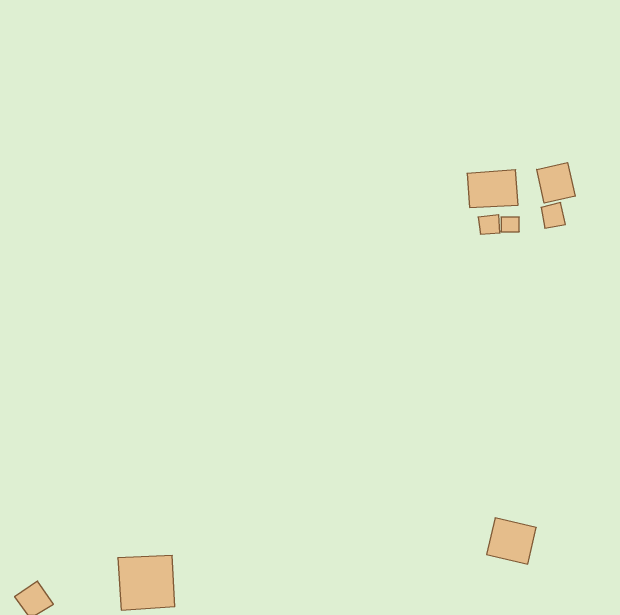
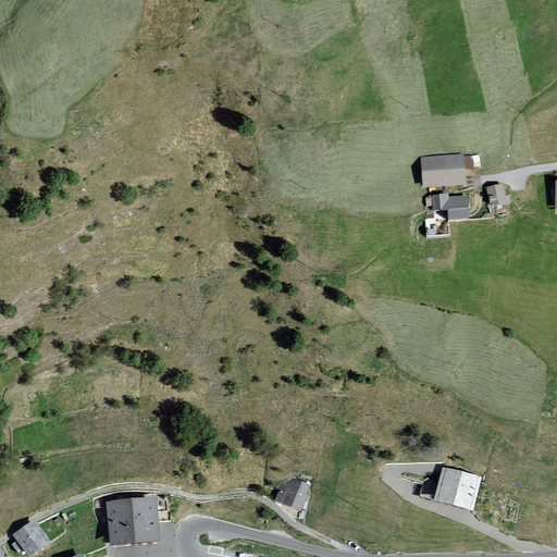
building: [537,163,575,203] -> none
building: none -> [274,475,310,509]

